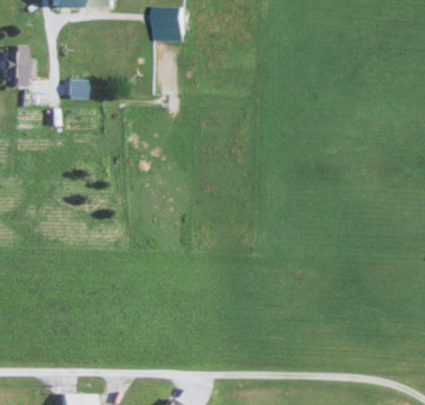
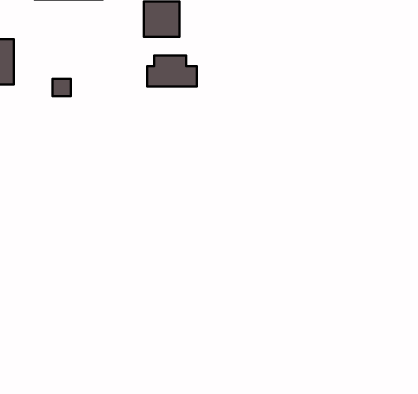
building: none -> [147,55,197,86]

